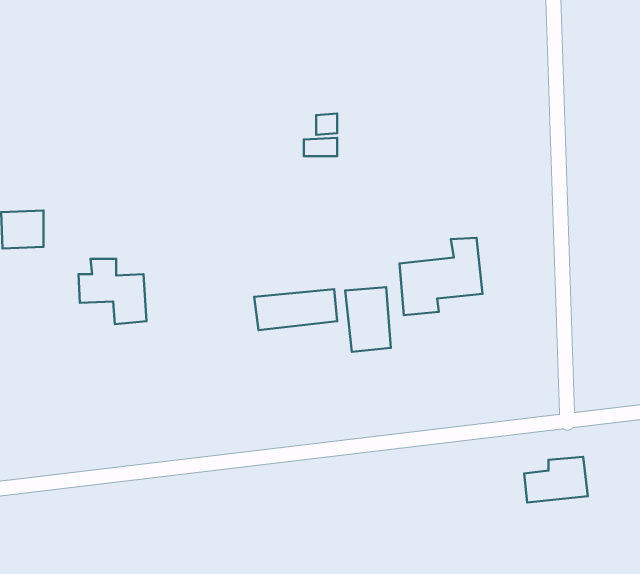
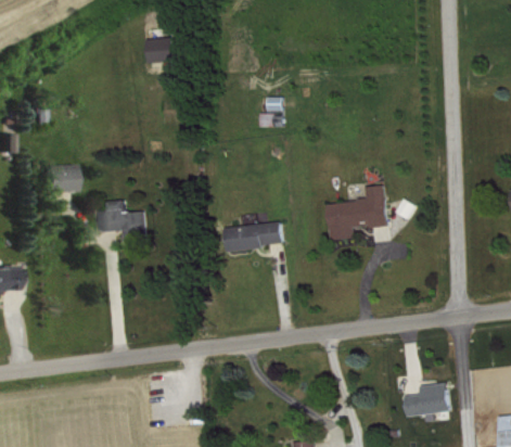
building: none -> [148,37,173,62]
building: [345,287,391,352] -> none
building: [524,457,588,502] -> [404,383,449,416]

